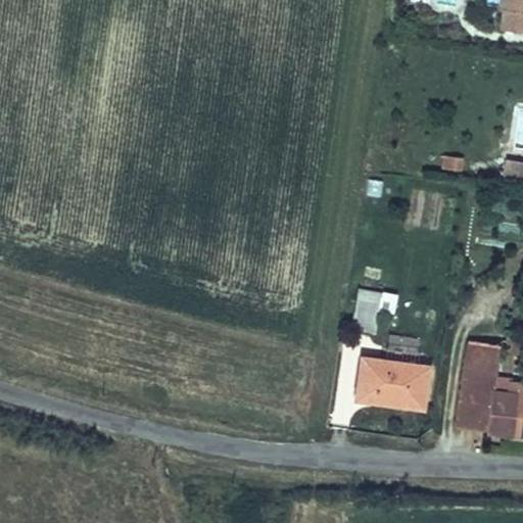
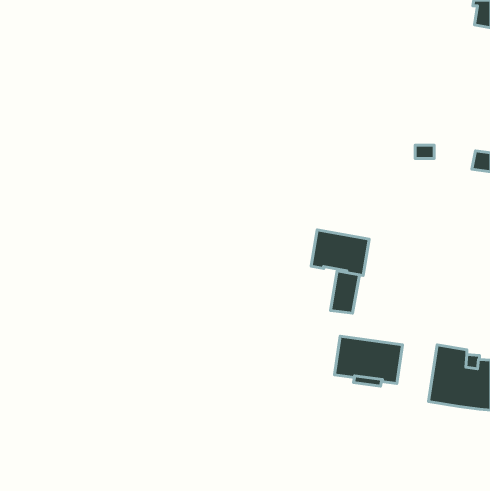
building: none -> [311,230,369,275]
building: [466,340,500,372] -> none

